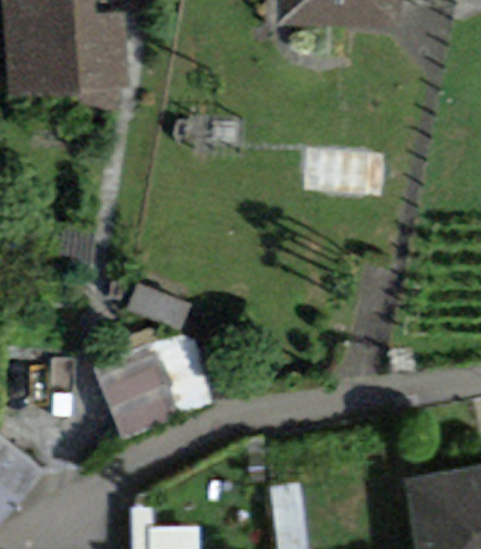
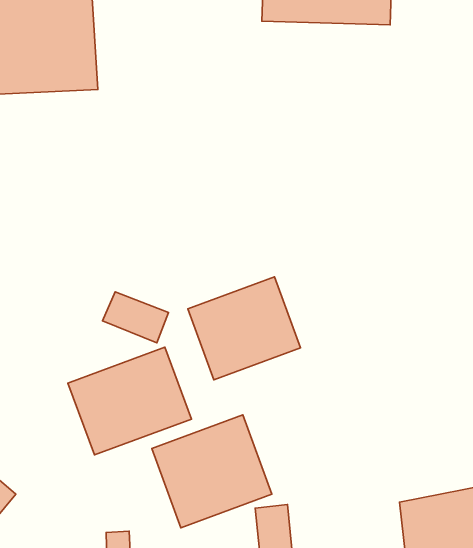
building: none -> [188,277,301,380]
building: none -> [152,415,272,528]

